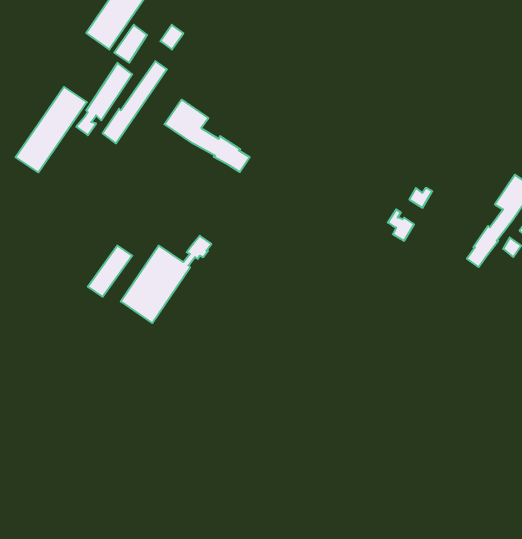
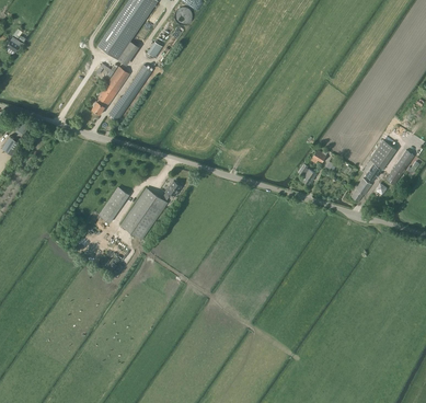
building: [16,87,87,172] -> none
building: [164,100,250,172] -> none

